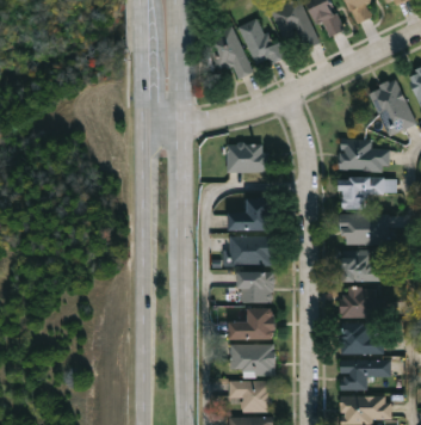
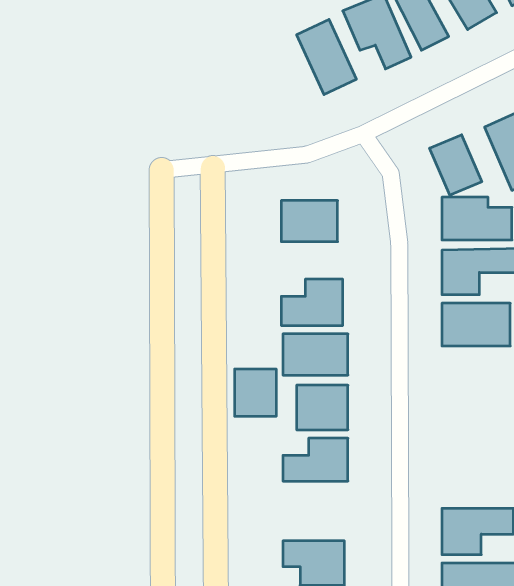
building: [205,26,253,79] -> none
building: none -> [430,135,482,195]
building: [339,252,380,282] -> none
building: none -> [235,369,276,416]
building: [339,288,380,319] -> none
building: [339,324,382,355] -> none
building: [229,345,273,374] -> none

